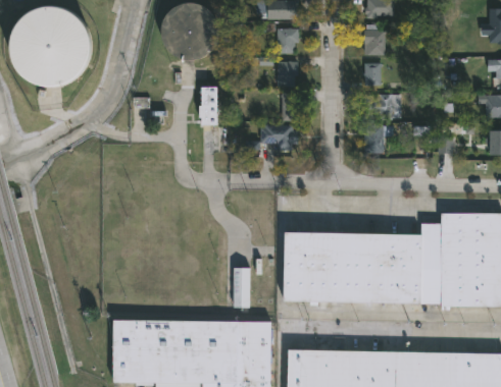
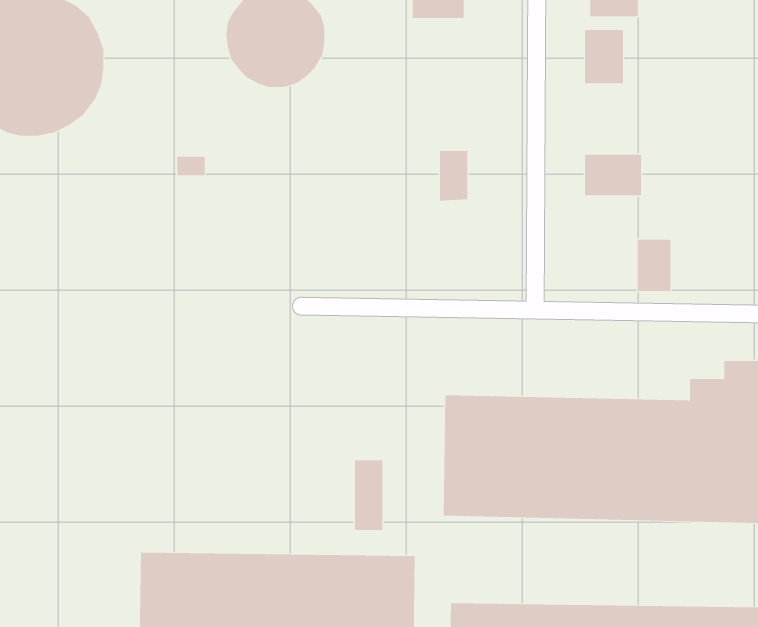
building: [277,30,298,55] -> none
building: [277,63,297,88] -> none
building: [363,63,380,86] -> none
building: [201,86,217,125] -> none
building: [260,125,296,146] -> none
building: [363,125,383,155] -> [637,239,671,292]

